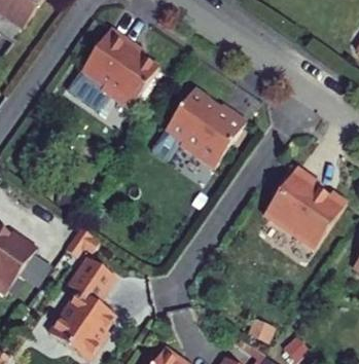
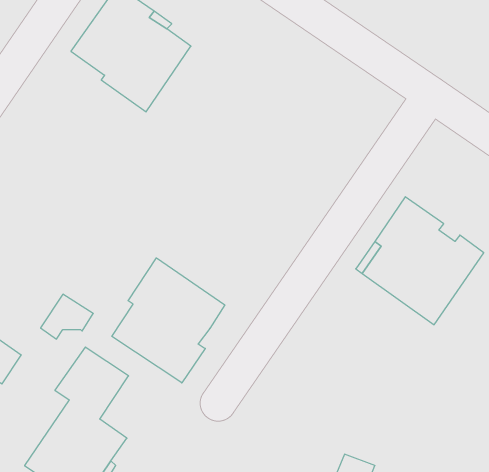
building: [163,86,245,167] -> none
building: none -> [112,258,225,383]

